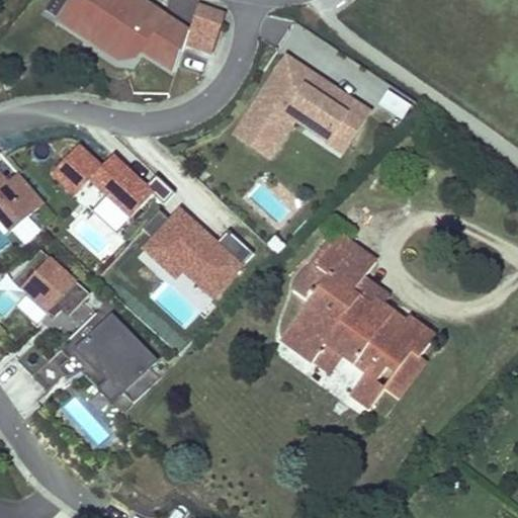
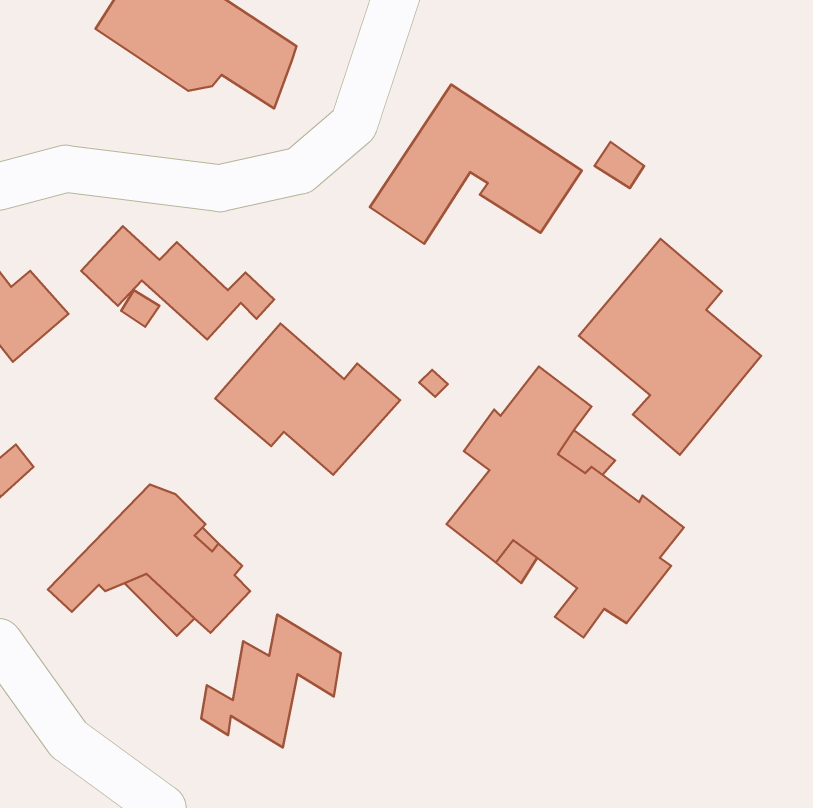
building: [185,4,222,47] -> none
building: none -> [579,239,761,455]
building: [12,248,87,315] -> none
building: none -> [201,614,341,748]

